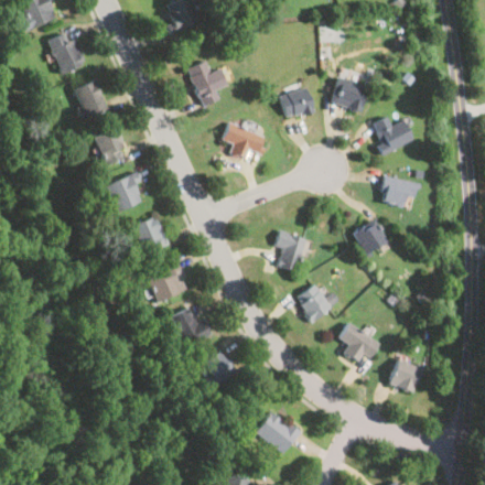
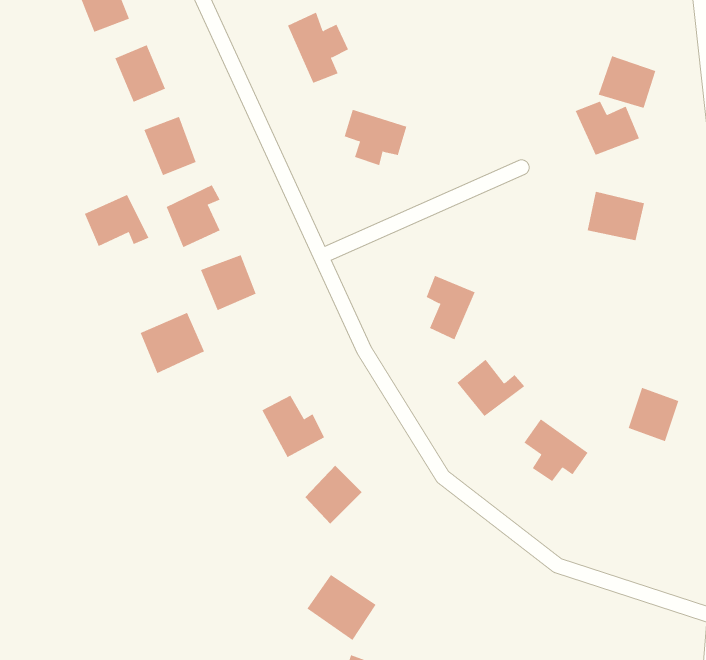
building: [331,77,368,111] -> [598,55,656,108]
building: [280,87,314,118] -> none
building: none -> [84,194,149,247]
building: [353,219,388,255] -> none
building: [146,262,187,302] -> [140,312,205,374]
building: [389,357,422,392] -> [628,387,679,442]
building: [255,411,300,454] -> [307,574,377,641]

